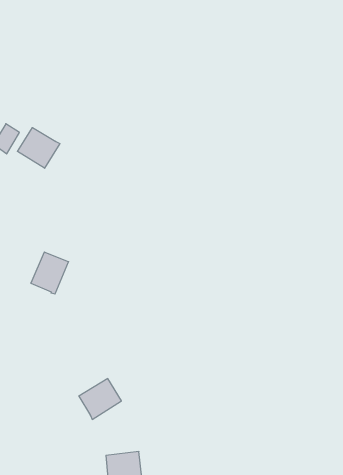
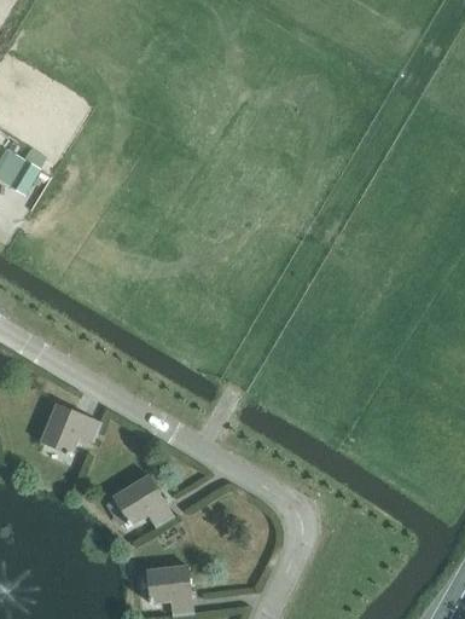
building: [17,128,60,168] -> none
building: [31,252,69,294] -> [41,403,88,455]

